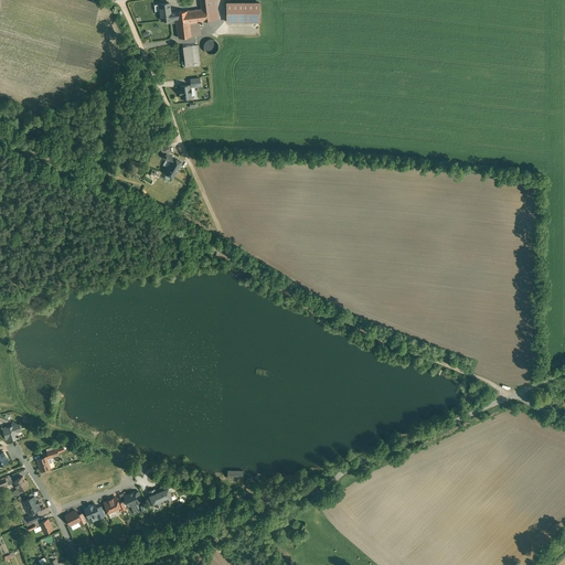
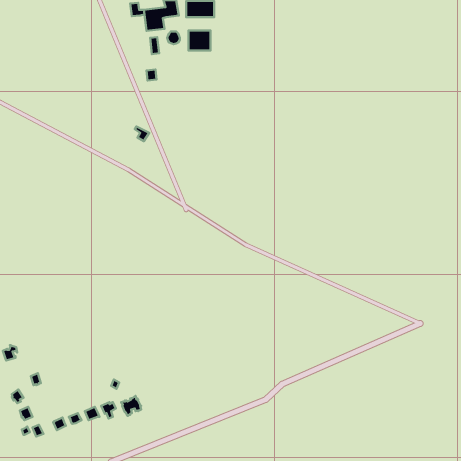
building: none -> [188,31,210,51]

